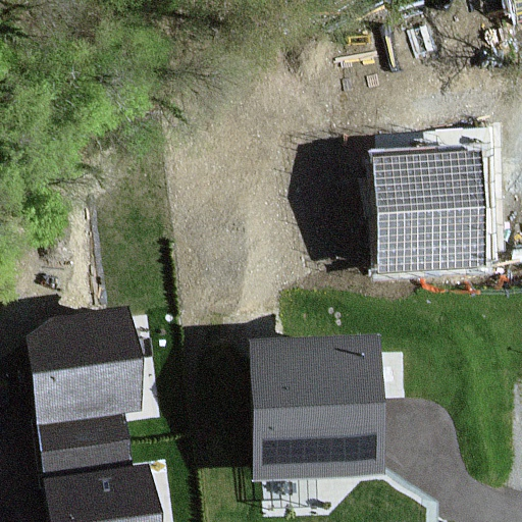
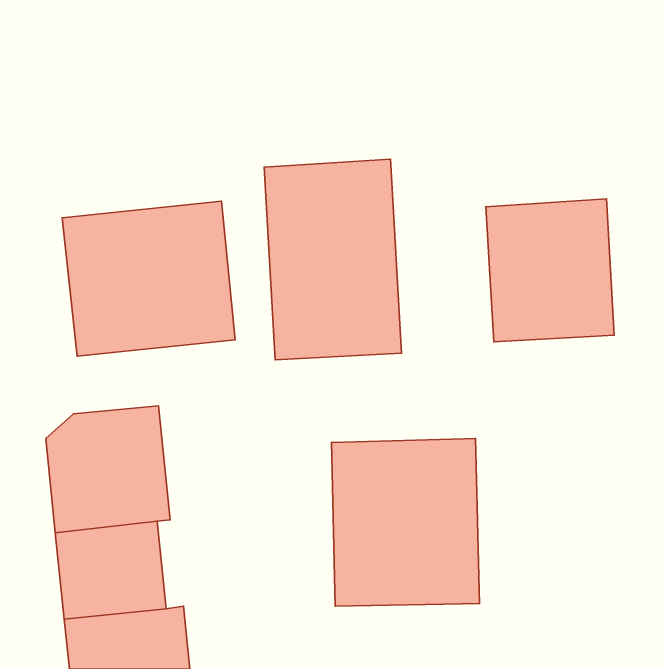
building: none -> [264,159,402,360]
building: none -> [62,201,235,356]

